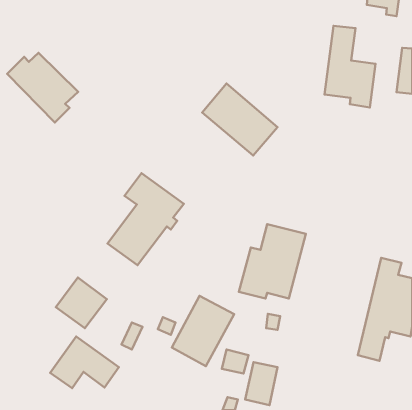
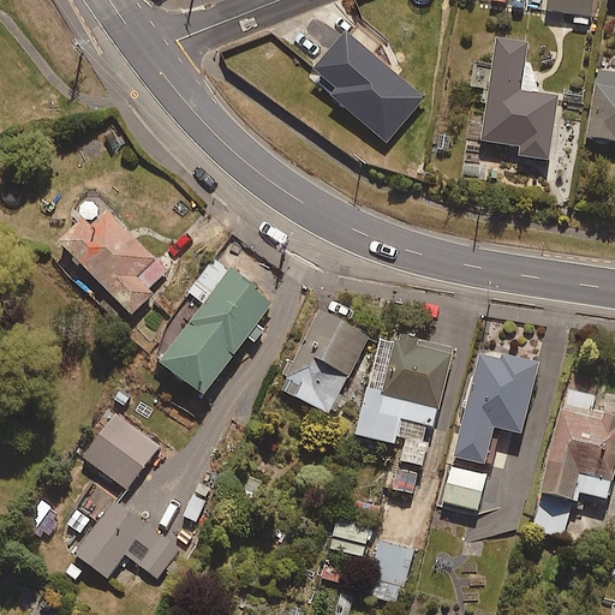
building: [7,53,78,122] -> [60,210,166,314]
building: [202,83,278,155] -> [311,32,423,139]
building: none -> [454,351,538,462]
building: [172,296,234,366] -> [276,309,369,413]
building: none -> [441,464,486,508]

